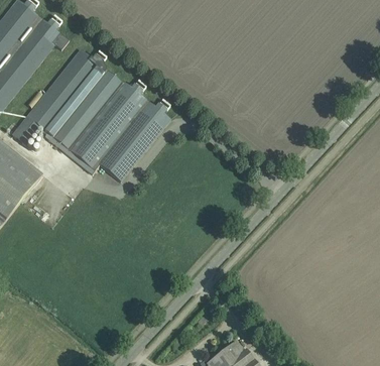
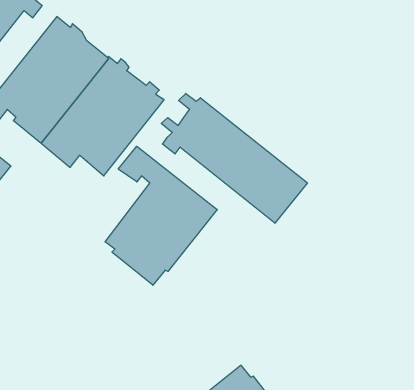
building: none -> [161,93,307,223]
building: none -> [105,146,217,285]

